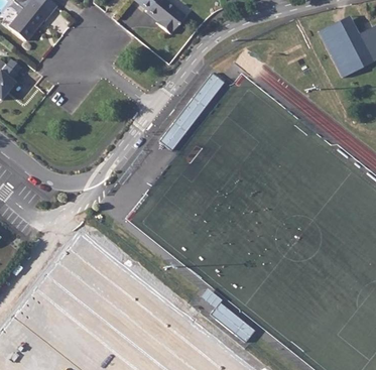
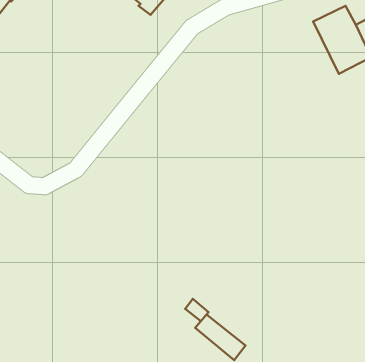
building: [160,73,226,150] -> none

